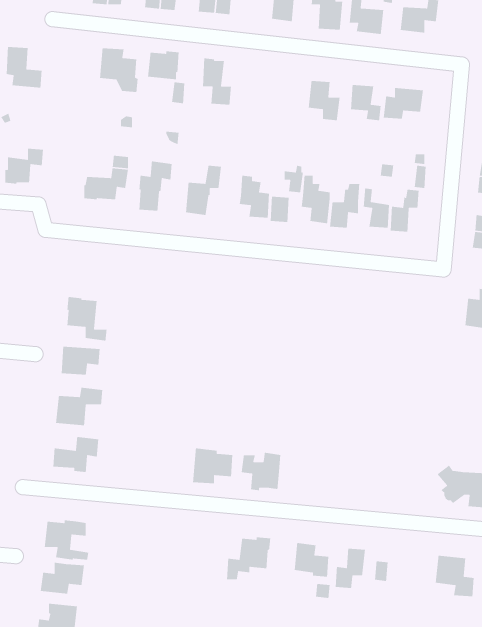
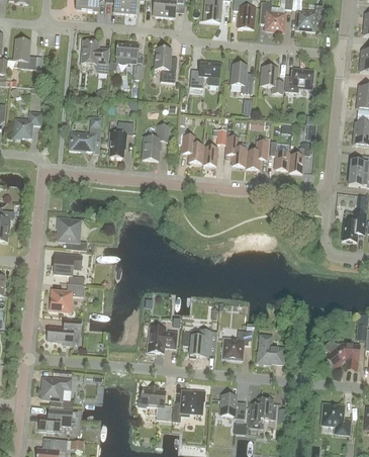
building: none -> [189,60,220,92]
building: none -> [222,330,252,359]
building: none -> [258,335,284,362]
building: none -> [137,386,172,420]

